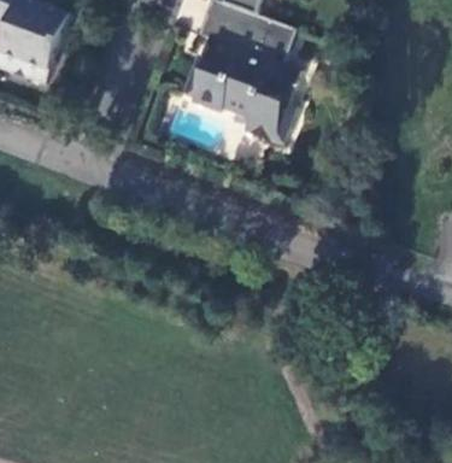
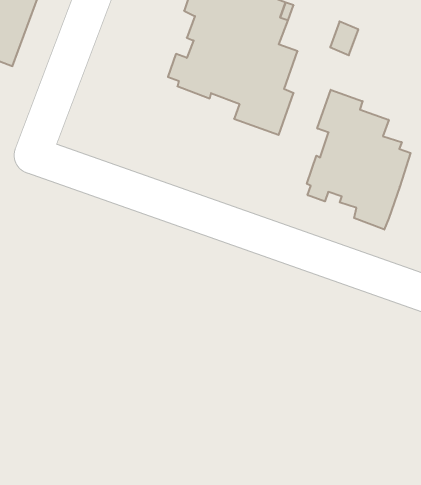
building: none -> [307,90,411,230]

